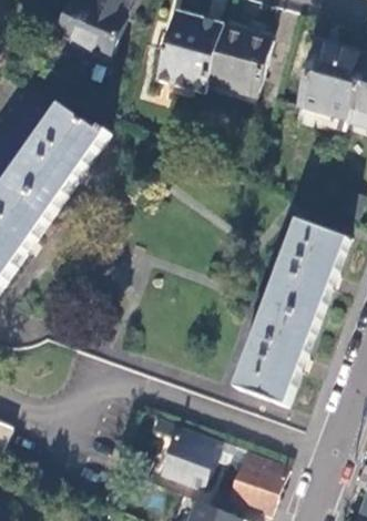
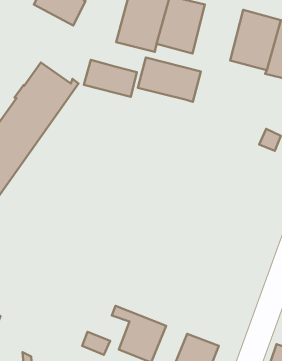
building: none -> [138,58,201,102]
building: none -> [84,60,137,97]
building: [233,219,345,406] -> none

